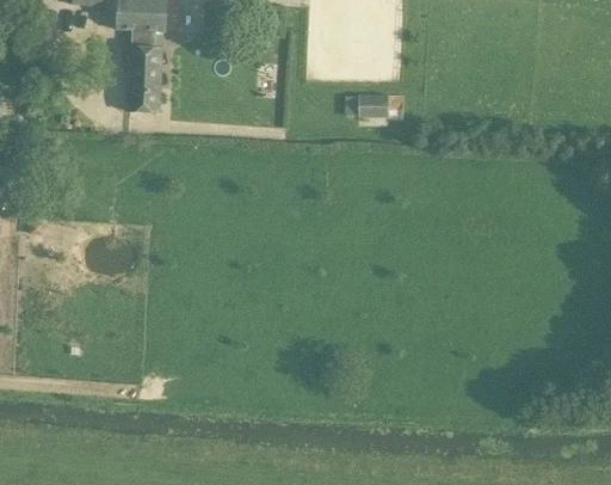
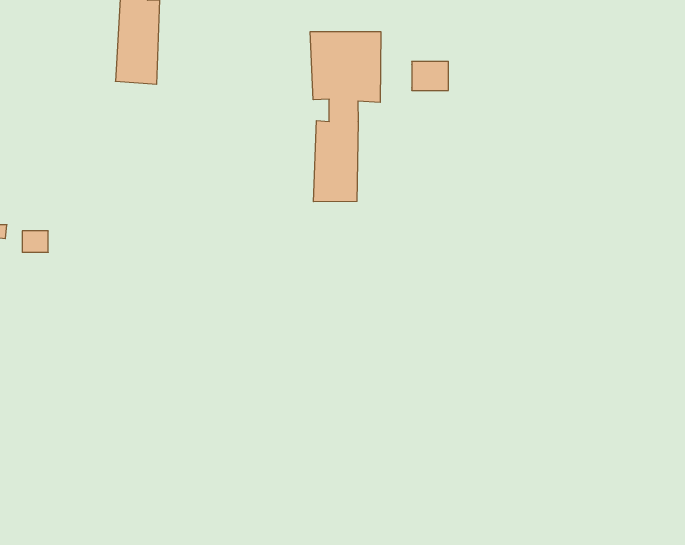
building: none -> [310,32,381,202]

